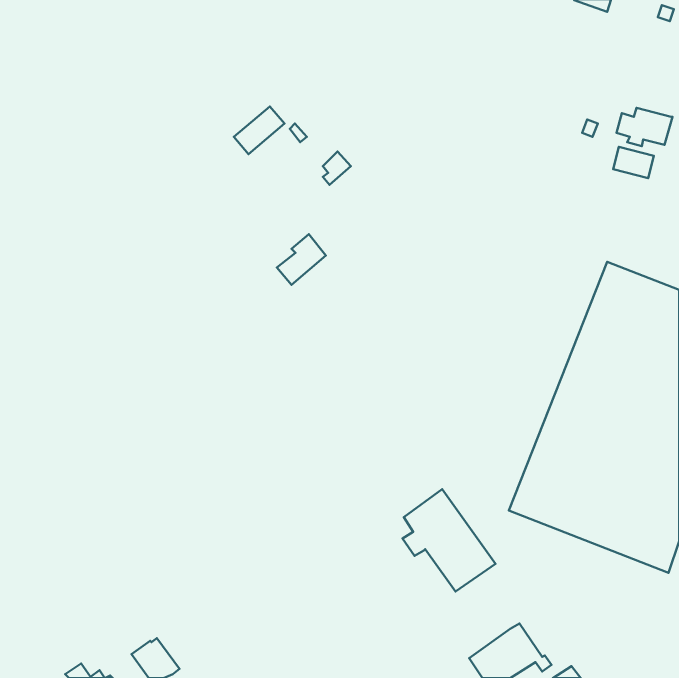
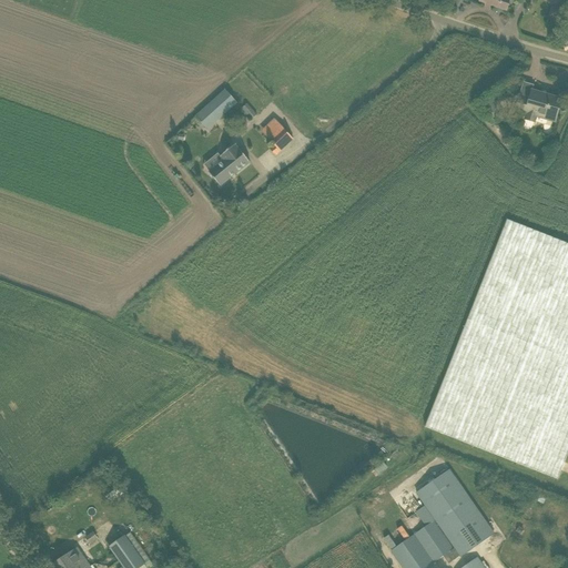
building: [613,147,654,178] -> none
building: [277,234,326,285] -> [209,143,250,185]
building: [402,489,495,592] -> [416,469,494,555]

